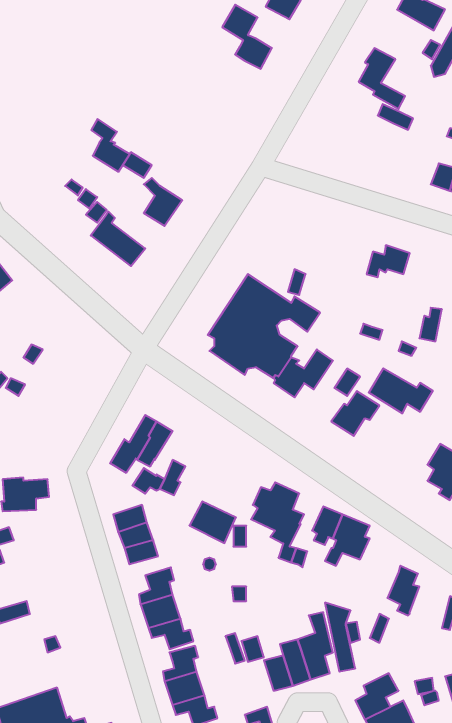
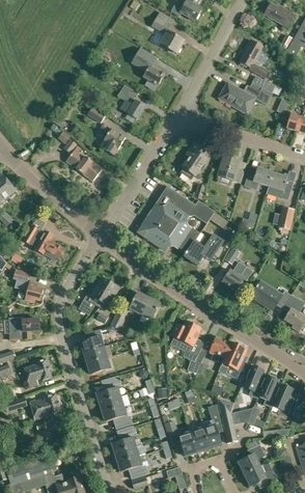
building: none -> [132,49,165,89]
building: none -> [219,82,259,113]
building: [91,119,130,172] -> [120,84,145,118]
building: none -> [183,142,206,175]
building: none -> [218,156,247,184]
building: none -> [266,172,296,200]
building: none -> [35,230,64,262]
building: [369,368,433,413] -> [251,281,293,310]
building: none -> [13,270,44,302]
building: [189,501,236,543] -> [130,293,160,320]
building: none -> [24,359,52,387]
building: none -> [244,365,266,398]
building: none -> [273,384,296,416]
building: none -> [29,393,61,420]

